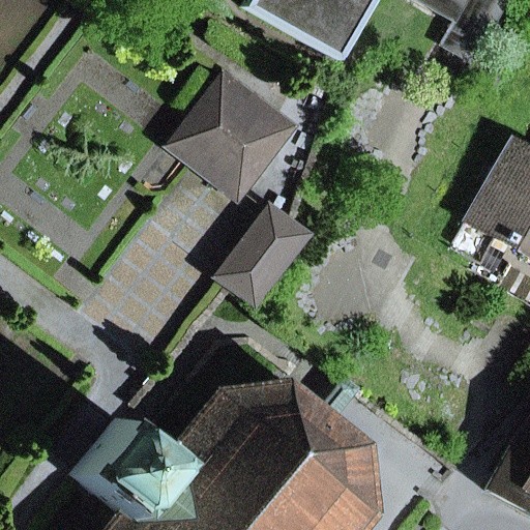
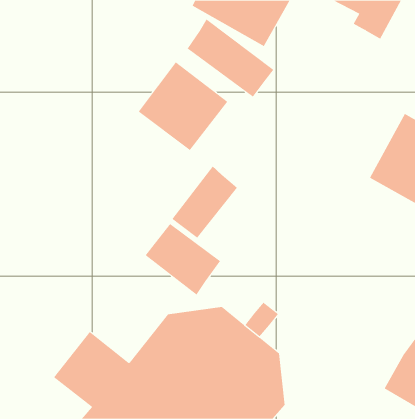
building: none -> [187,18,274,97]
building: none -> [145,223,221,295]

